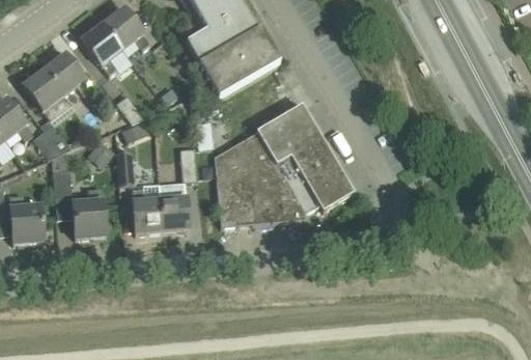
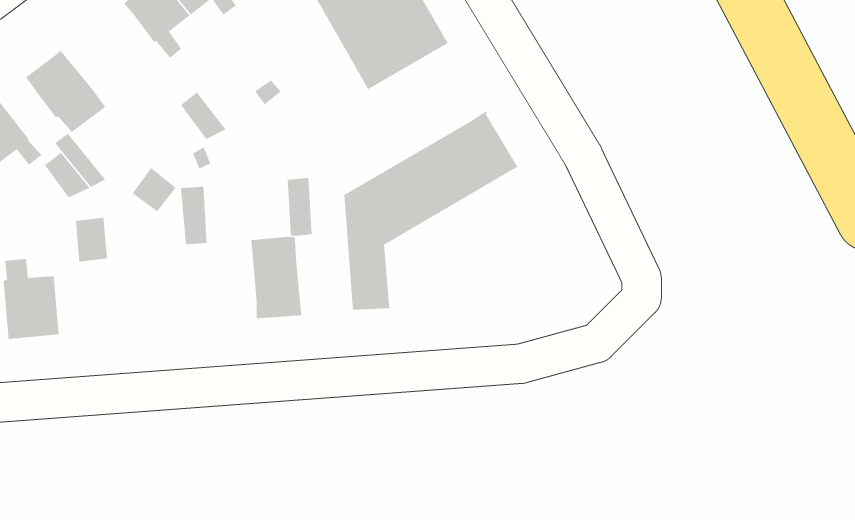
building: [46,52,92,93] -> none
building: [241,139,353,224] -> none
building: [133,183,163,232] -> none
building: [73,187,107,238] -> none

